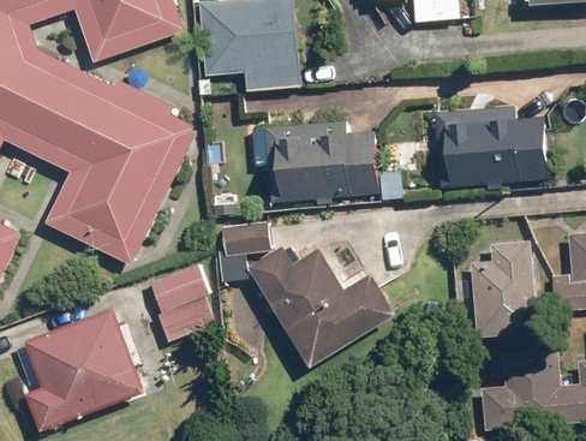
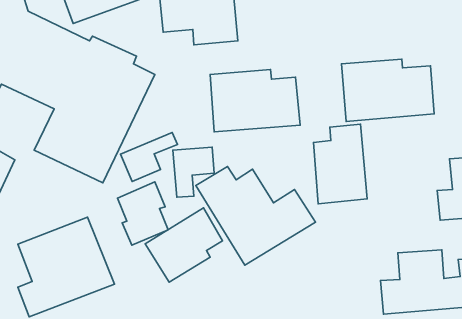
building: none -> [120,132,178,182]
building: [470,239,537,339] -> [314,124,367,204]
building: none -> [145,208,223,282]

